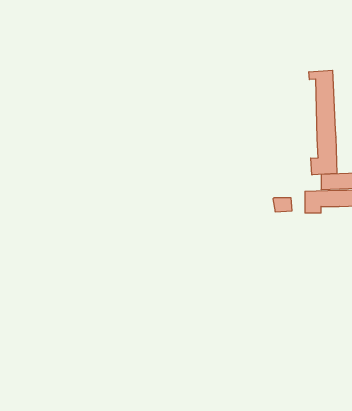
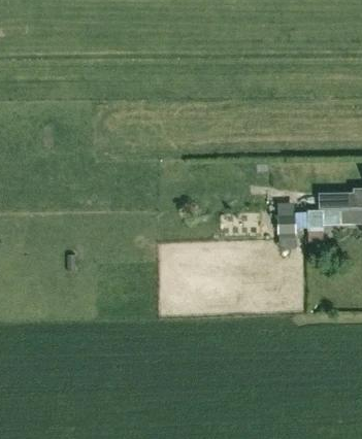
building: [309,70,337,175] -> none

